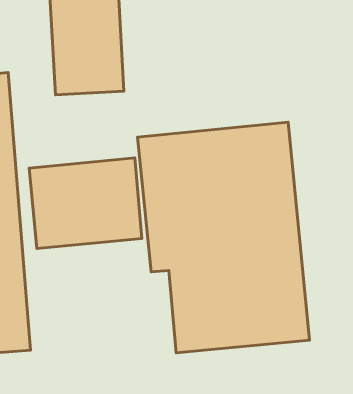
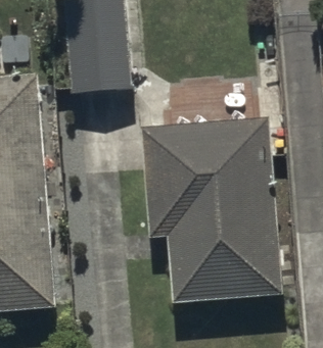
building: [29,158,142,249] -> none

